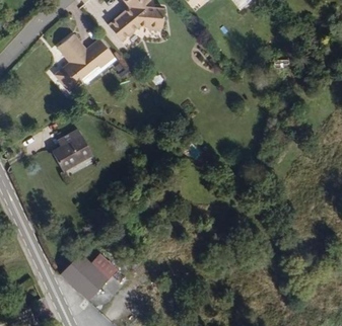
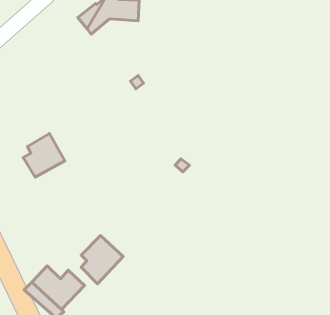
building: [55,33,113,91] -> none
building: none -> [81,236,123,284]

